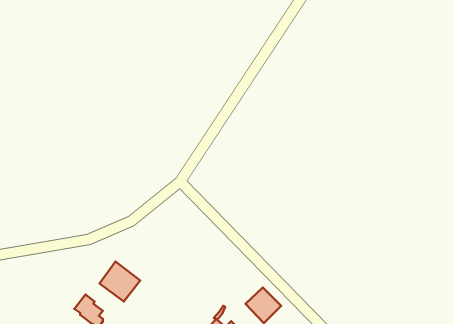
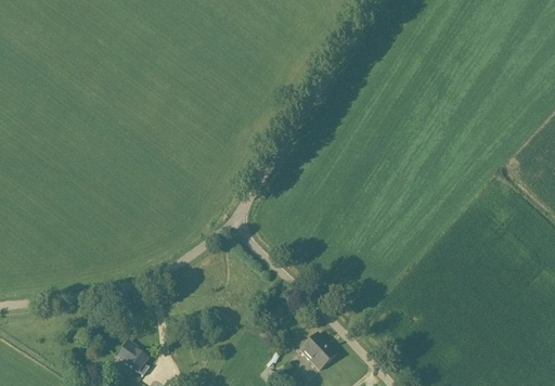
building: [99,261,140,302] -> none

